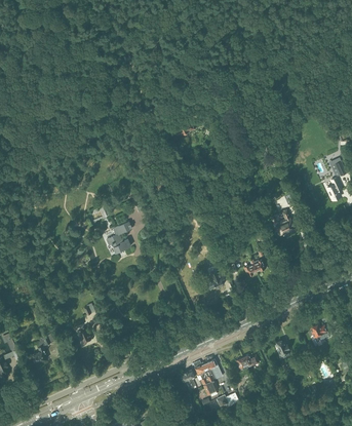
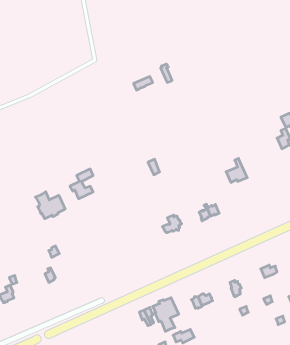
building: none -> [35,192,65,219]

